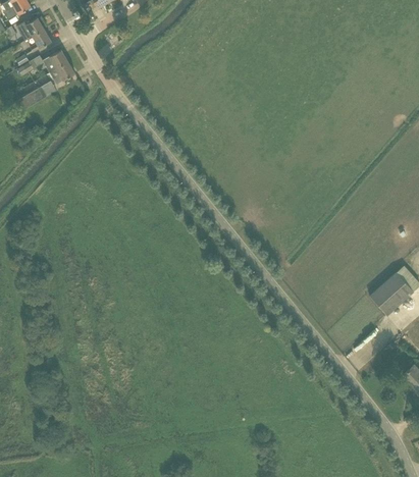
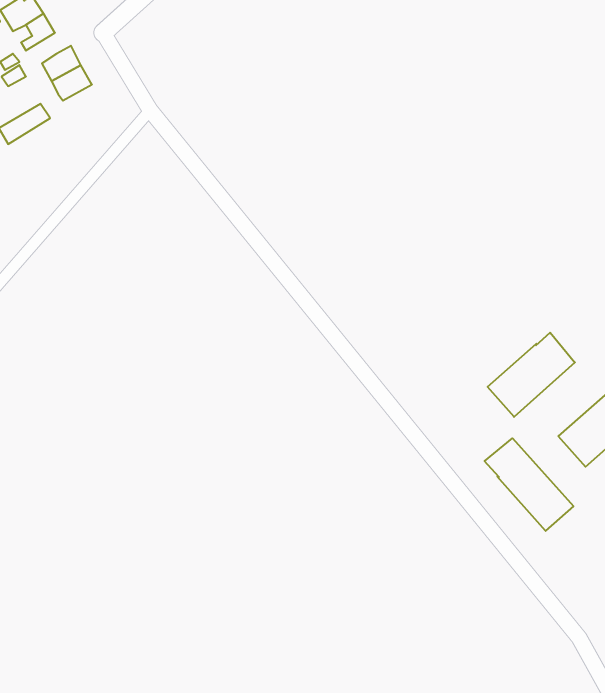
building: none -> [488,333,575,417]
building: none -> [485,438,573,531]

